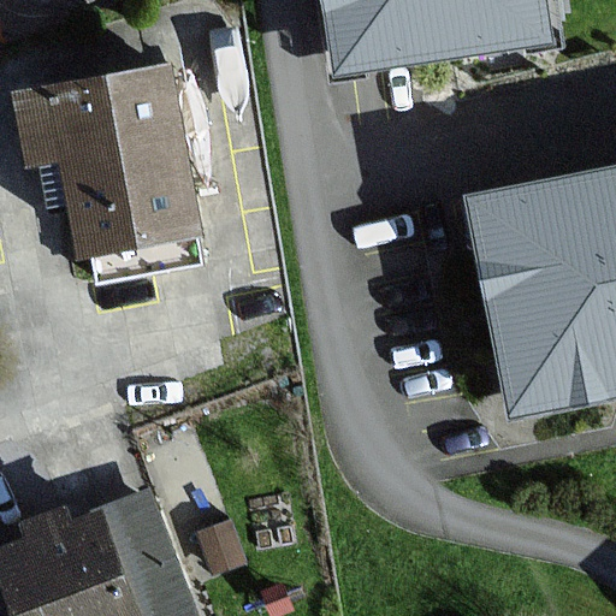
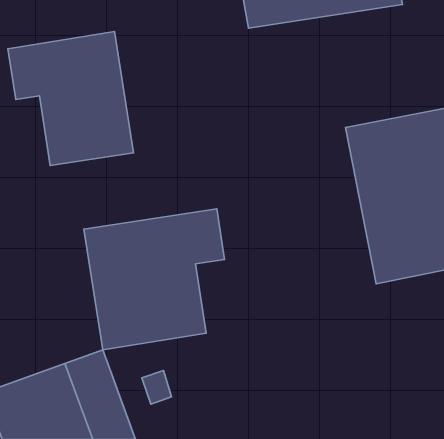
building: none -> [84,209,225,350]

